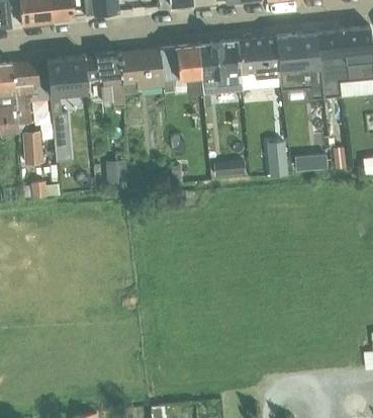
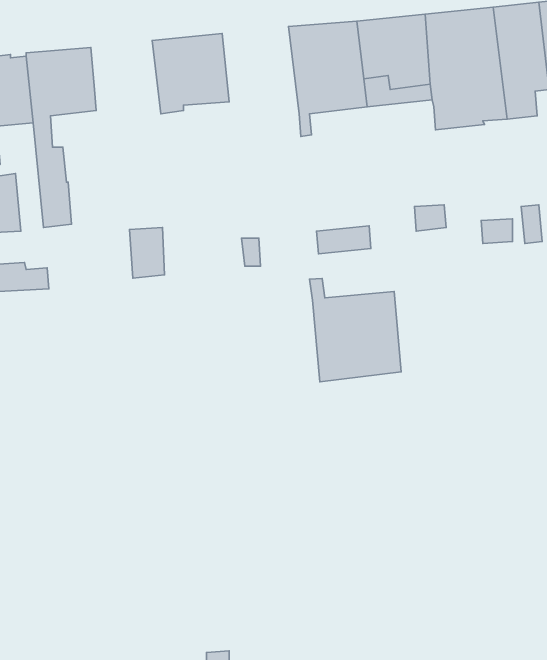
building: [160,46,204,99] -> none
building: [84,54,125,110] -> none
building: none -> [310,278,401,382]

